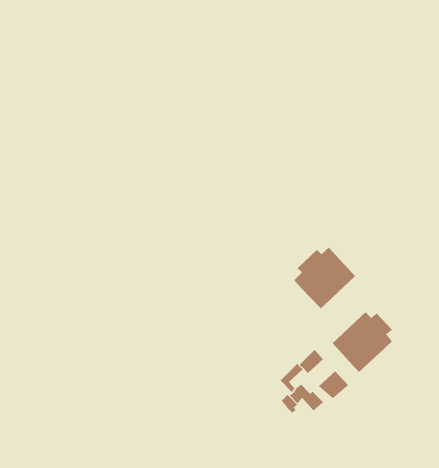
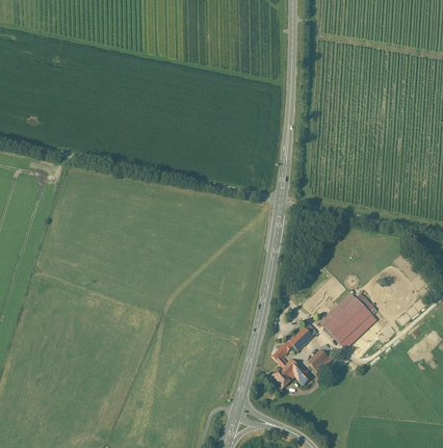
building: [294,247,356,309] -> none

